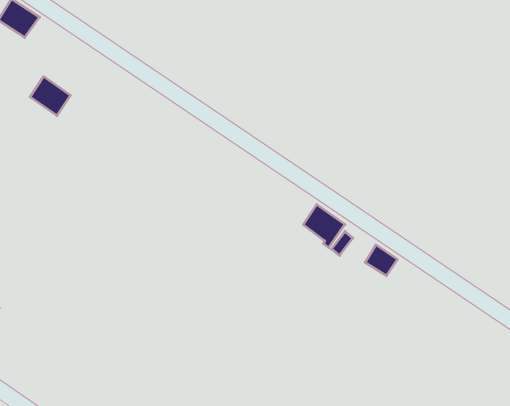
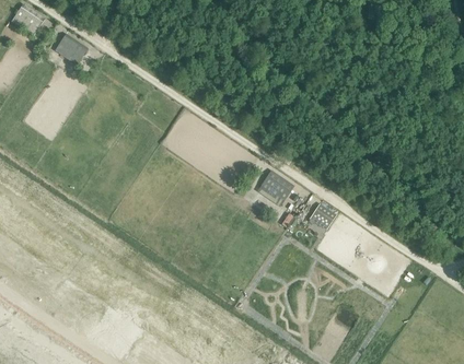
building: [30,77,70,116] -> [56,33,89,64]

